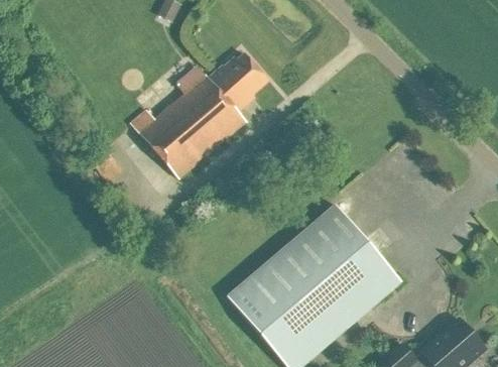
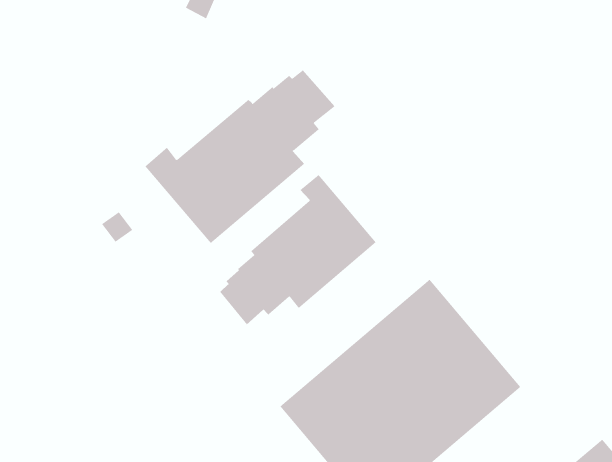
building: none -> [220,174,377,325]

